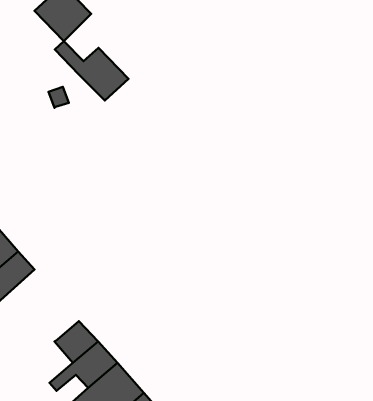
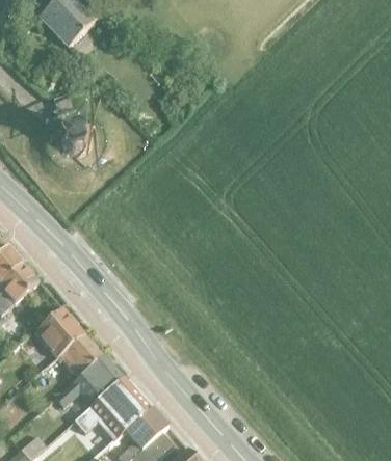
building: [55,41,128,101] -> none
building: none -> [59,124,92,156]
building: none -> [34,309,83,358]

